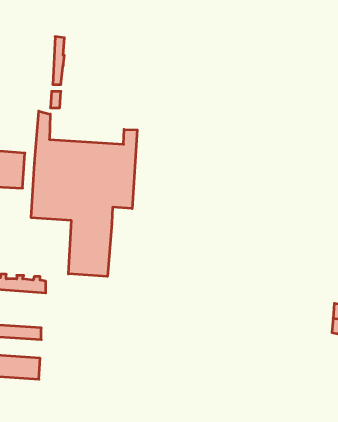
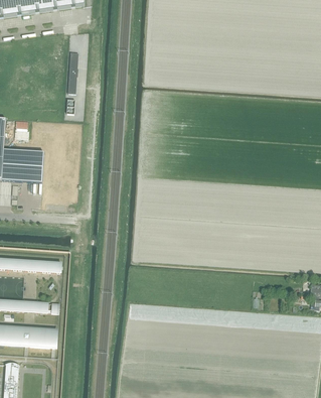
building: [31,111,137,276] -> none

